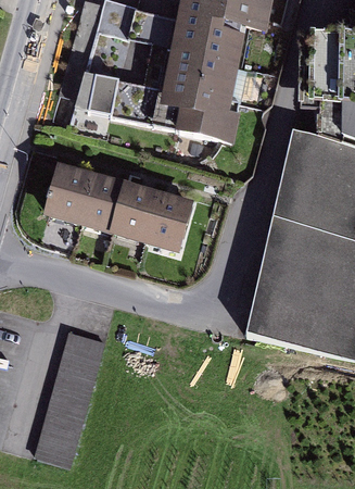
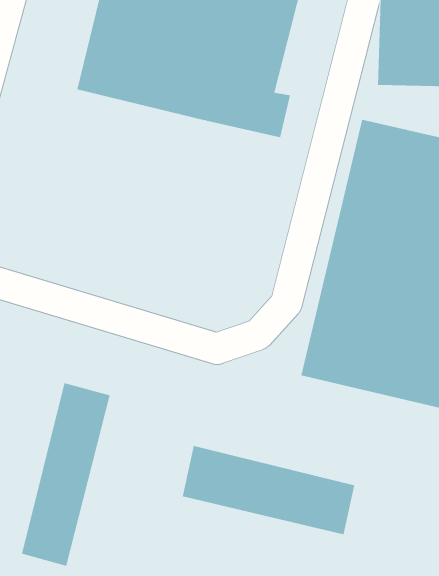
building: [42,162,194,251] -> none
building: none -> [182,445,355,535]

